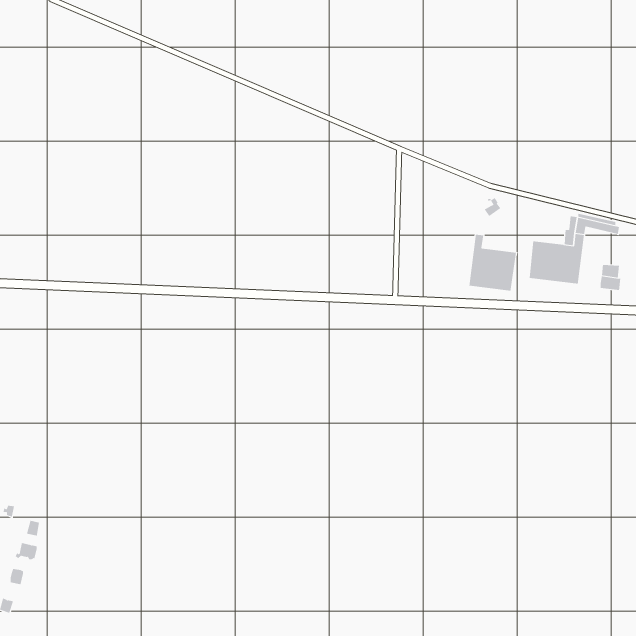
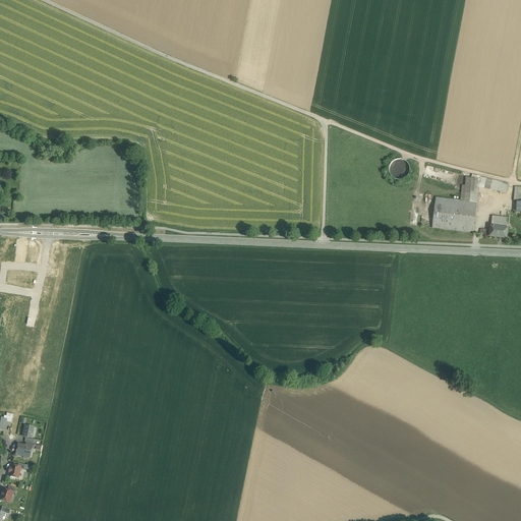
building: [469,234,516,291] -> none

